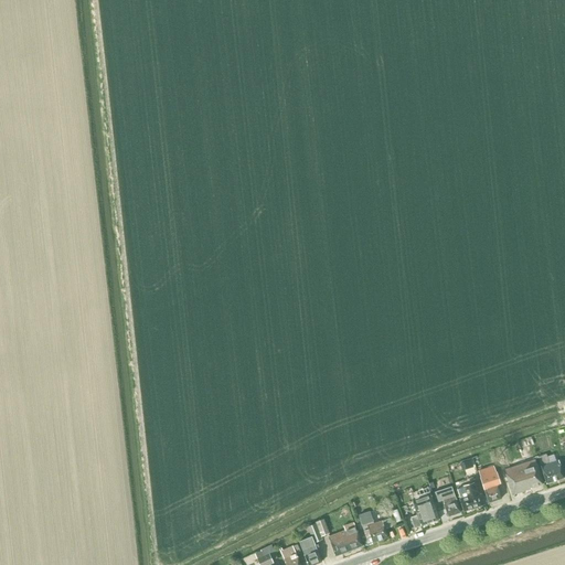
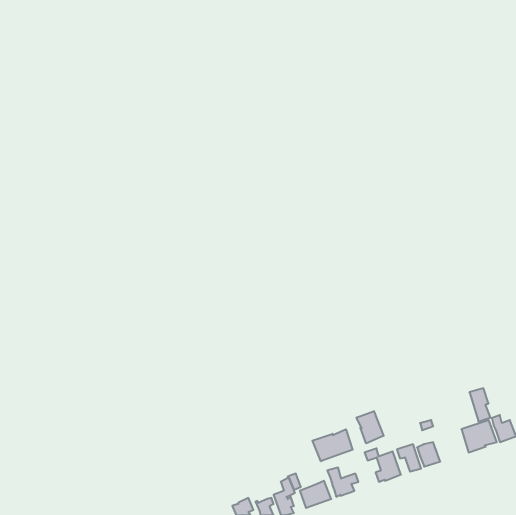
building: none -> [357,411,384,443]
building: [478,466,501,502] -> [469,388,491,422]
building: none -> [312,429,353,461]

